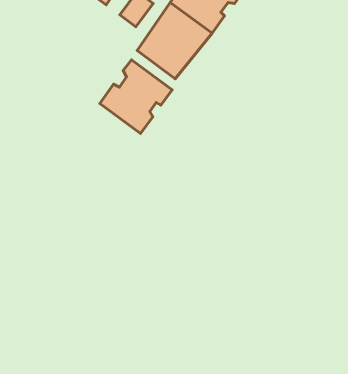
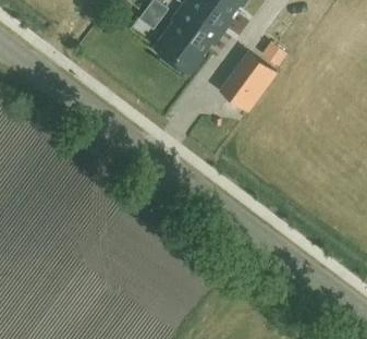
building: none -> [221,55,274,110]
building: [100,60,172,133] -> none

